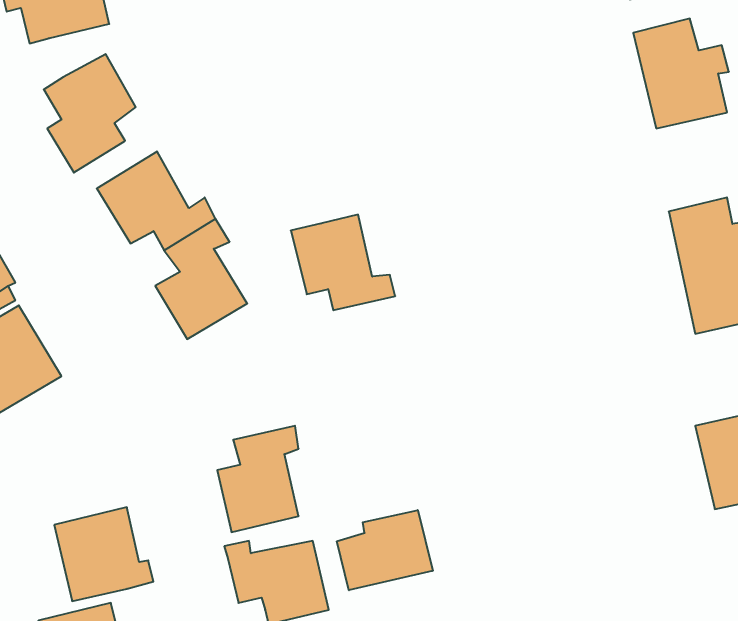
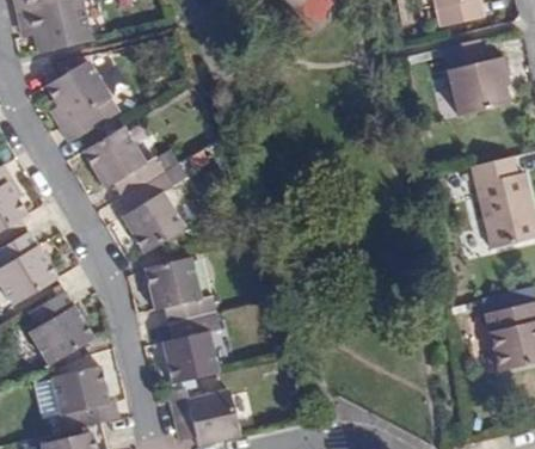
building: [291,215,395,310] -> [146,257,216,321]
building: none -> [31,290,94,364]
building: [337,510,433,590] -> none

